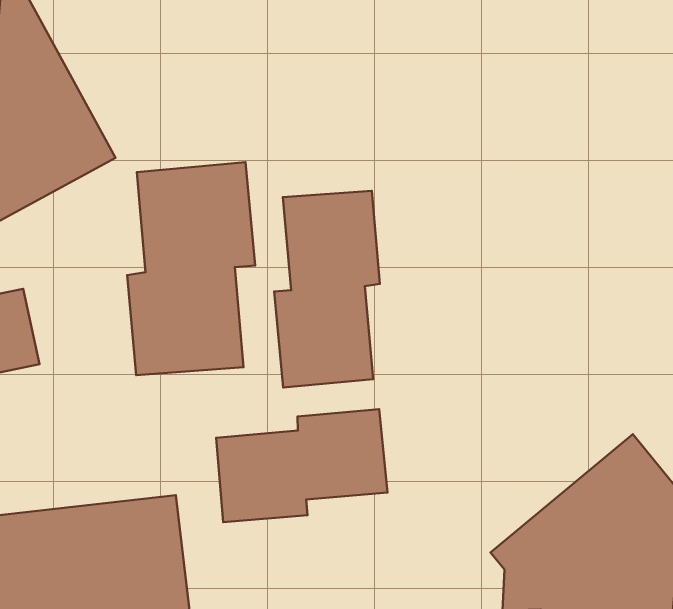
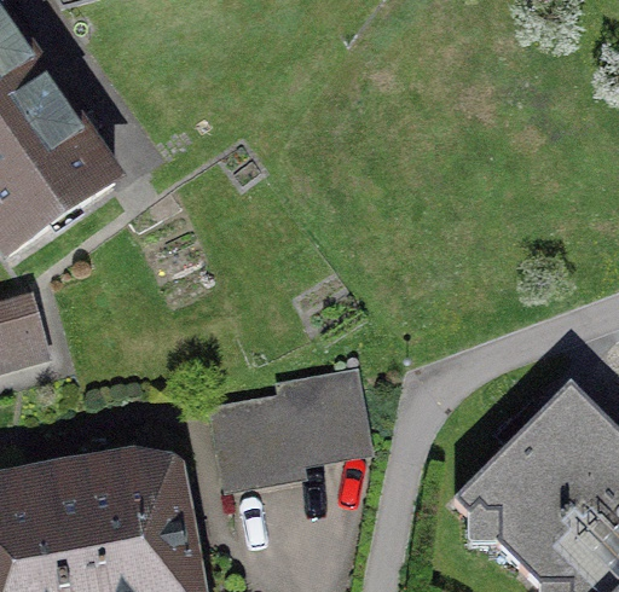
building: [127,162,255,375] -> none
building: [274,191,380,388] -> none

